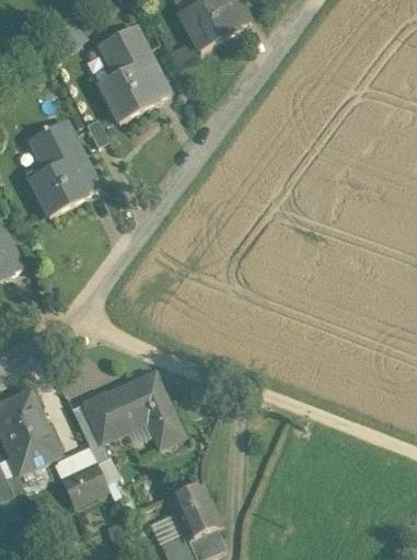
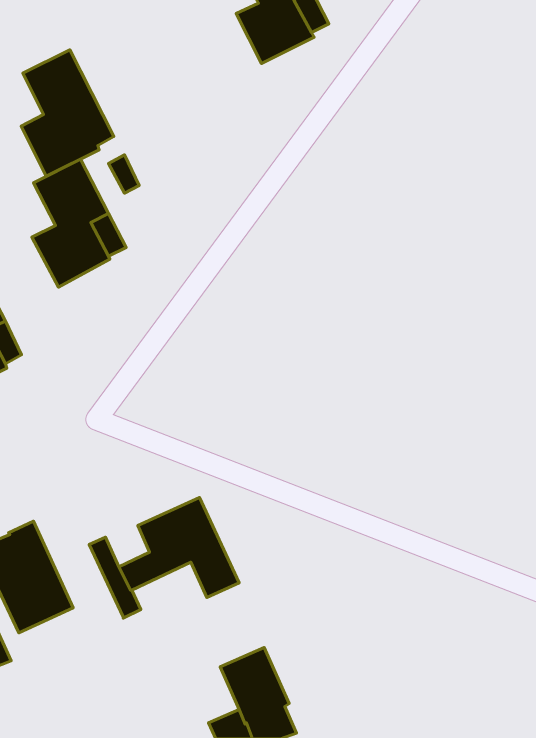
building: [99,26,167,120] -> [21,50,114,176]
building: [83,390,116,423] -> none
building: [60,460,108,503] -> none

